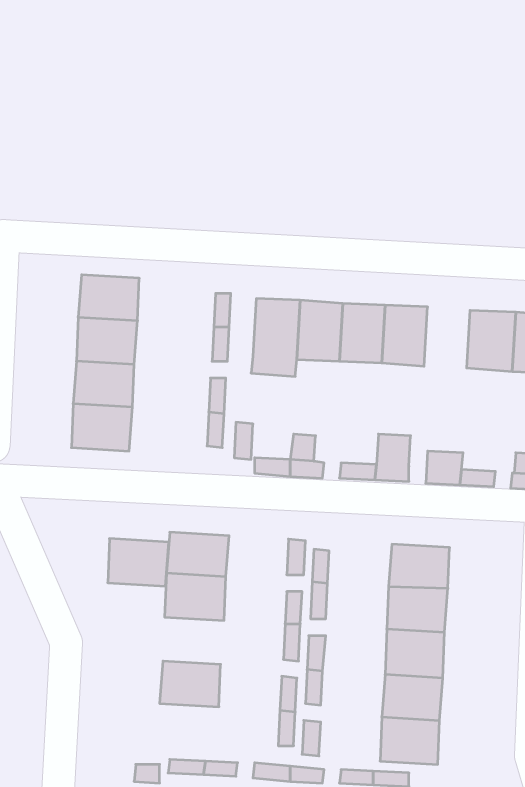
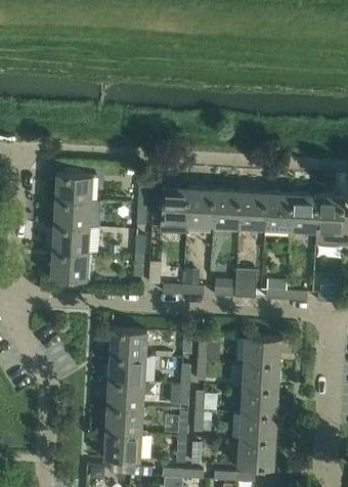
building: none -> [264,192,292,229]
building: [108,539,169,586] -> [106,380,143,408]
building: none -> [103,432,140,460]

